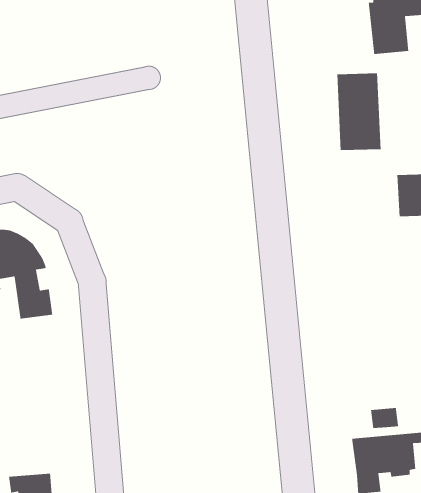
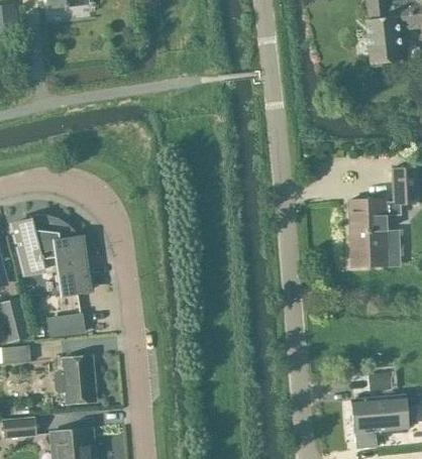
building: [336,73,381,151] -> [349,199,389,267]
building: none -> [50,316,84,336]
building: none -> [54,356,96,405]

